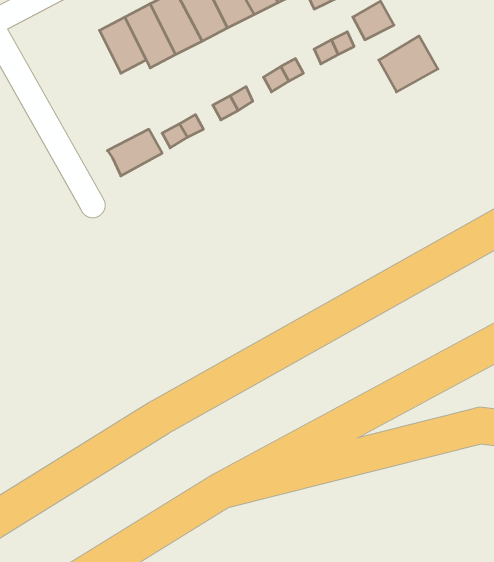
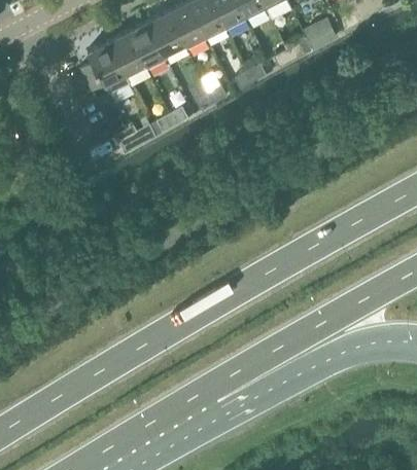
building: none -> [82,42,131,95]
building: [379,36,438,92] -> none

